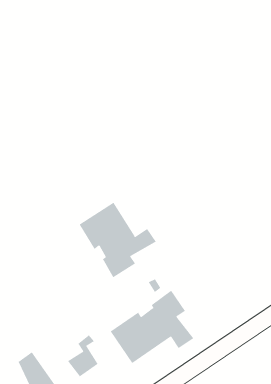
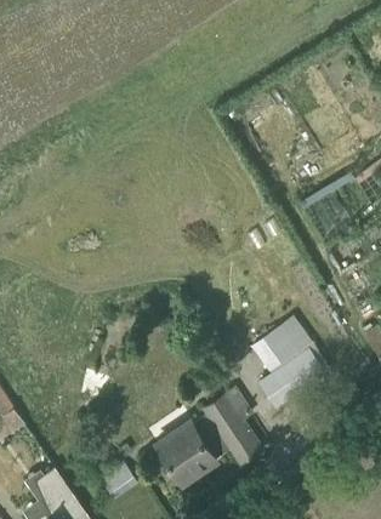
building: [79,202,156,278] -> none
building: none -> [252,319,326,407]

